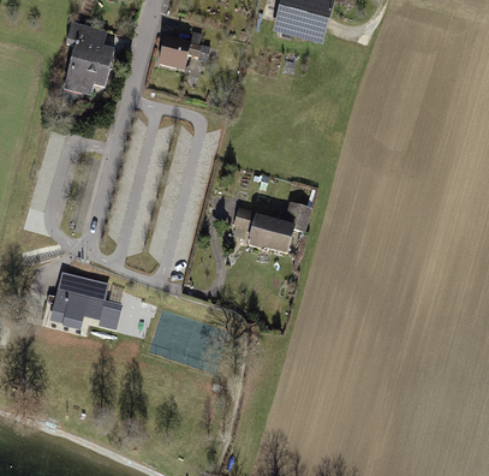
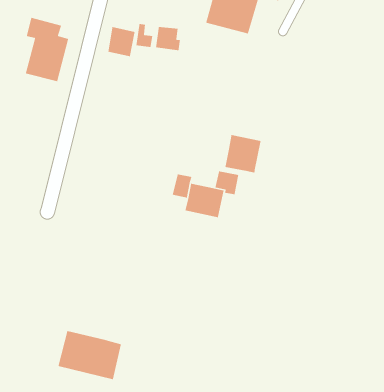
building: none -> [155,26,181,51]
building: none -> [224,134,262,174]
building: [52,270,126,328] -> [58,330,122,380]

